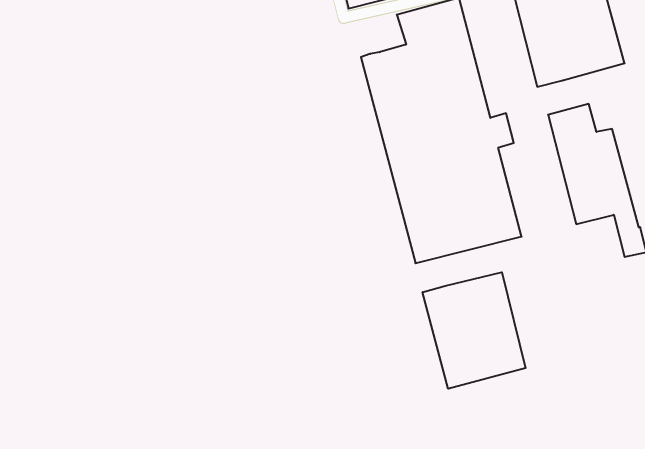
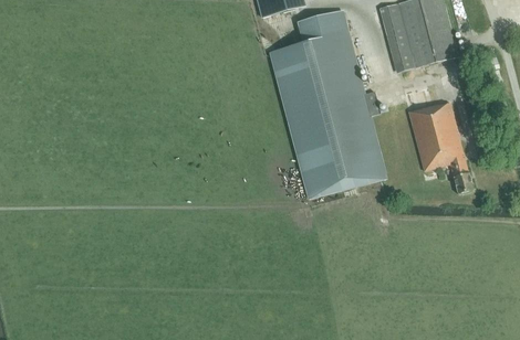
building: [423,272,526,389] -> none

